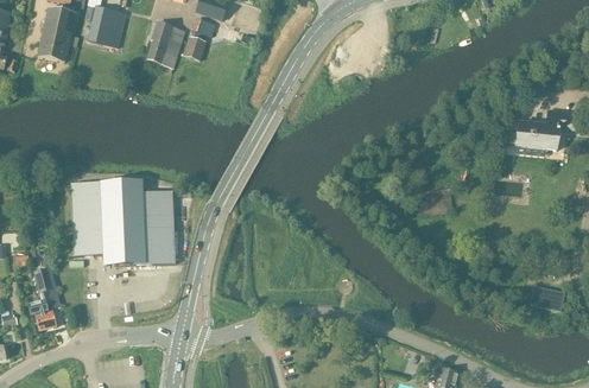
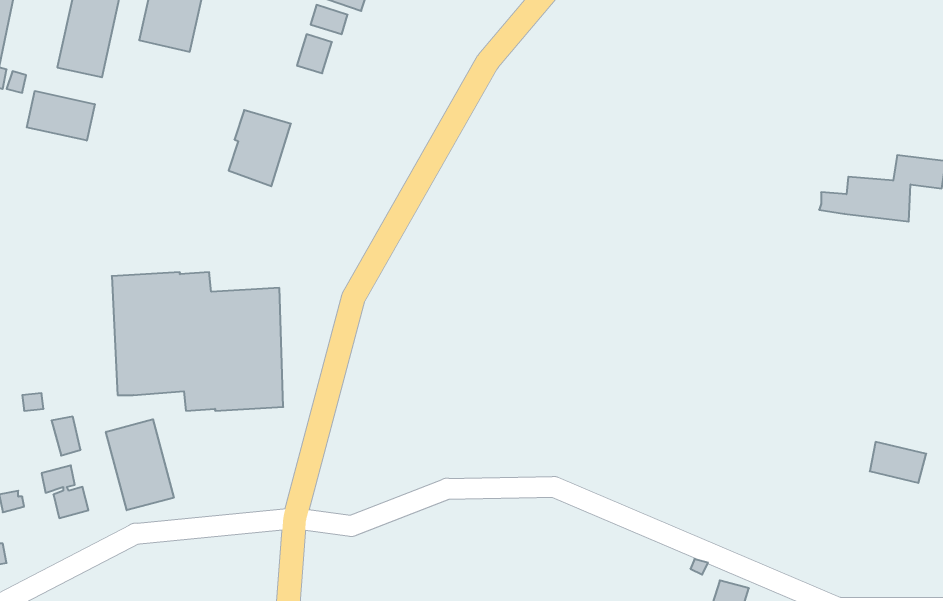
building: [146,21,184,68] -> [229,110,291,186]
building: none -> [27,91,95,141]
building: none -> [106,419,174,510]

